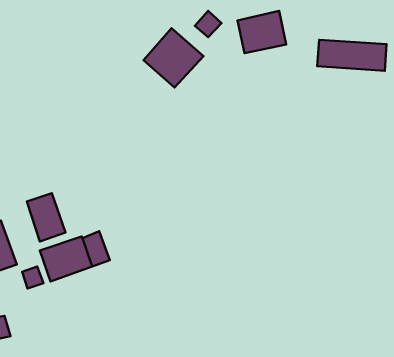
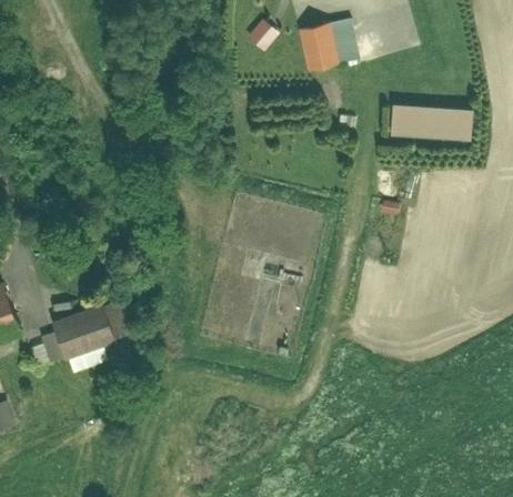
building: [143,28,204,88] -> none
building: [317,40,386,71] -> [388,103,474,142]
building: [27,193,65,241] -> none

